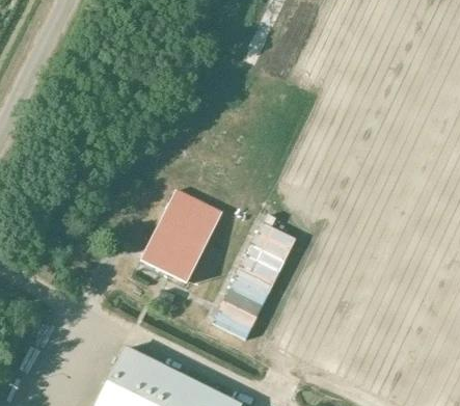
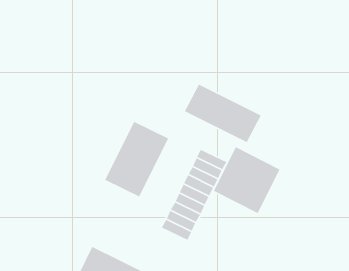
building: none -> [184,83,262,143]
building: none -> [213,146,280,214]

